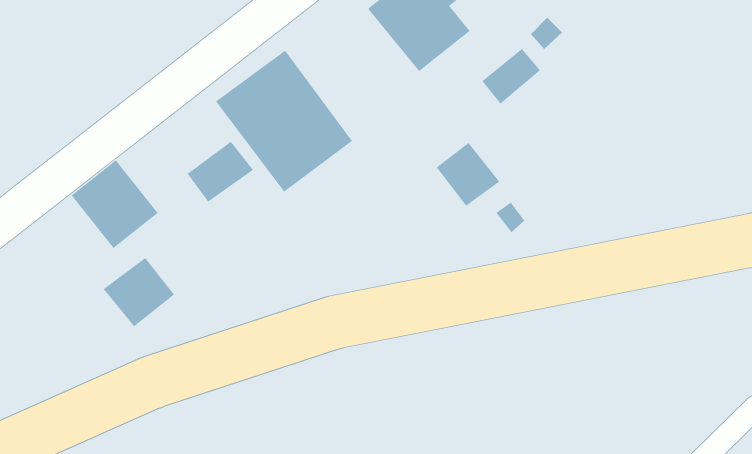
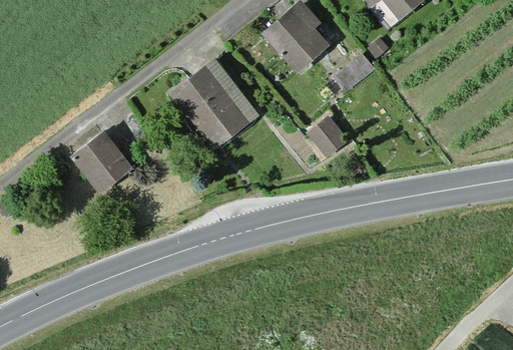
building: [187,141,254,203] -> none
building: [103,257,175,327] -> none

